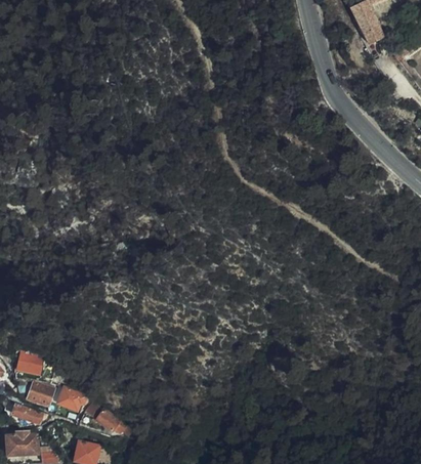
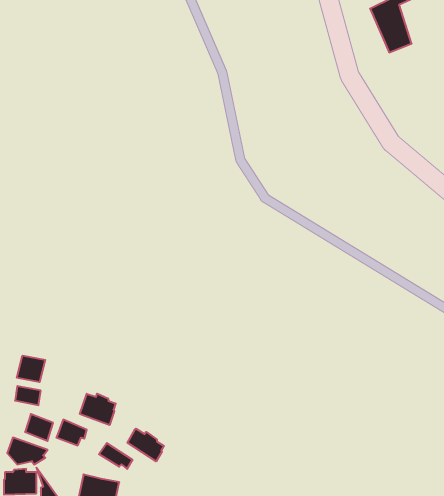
building: none -> [17,356,45,382]
building: none -> [80,394,116,425]
building: none -> [127,429,164,461]

